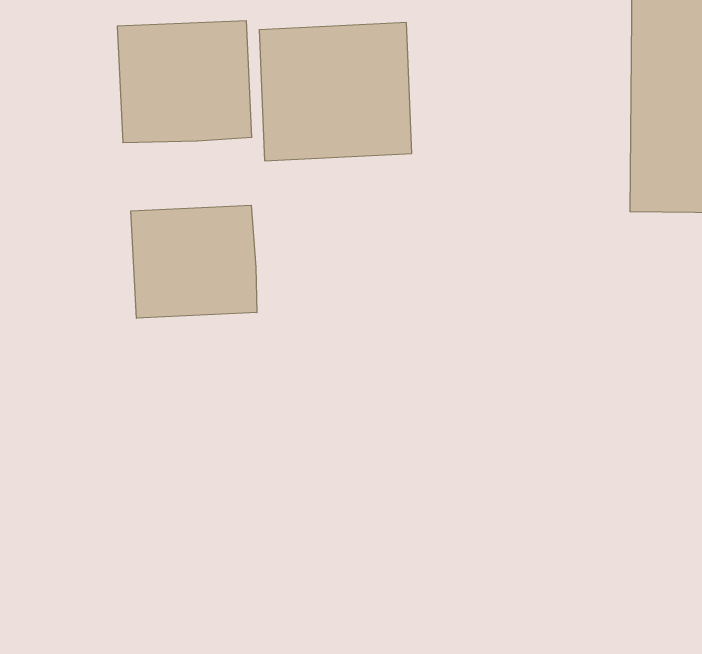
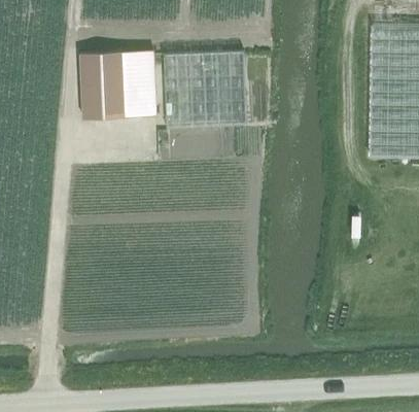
building: [131,205,257,318] -> none

